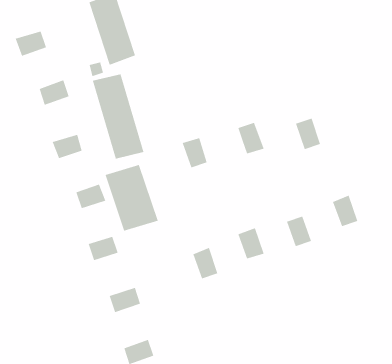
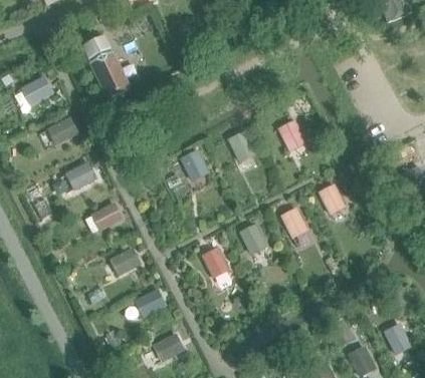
building: [92,73,144,159] -> none
building: [105,164,158,231] -> none

